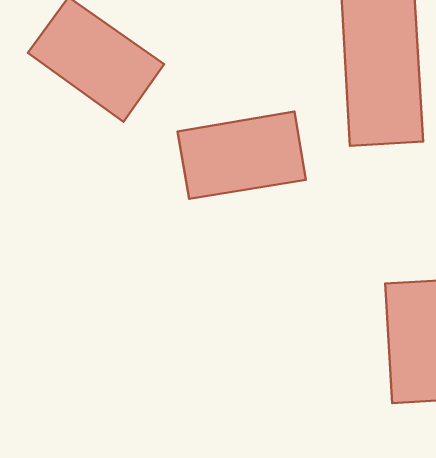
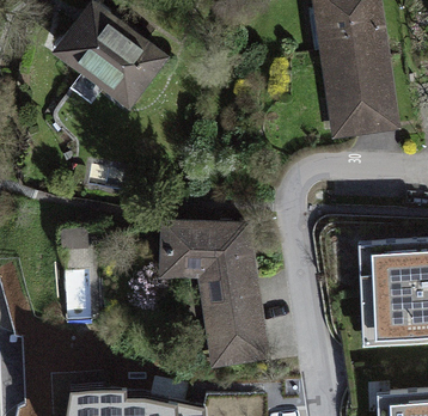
building: [177,111,306,199] -> none
building: none -> [164,219,265,360]

